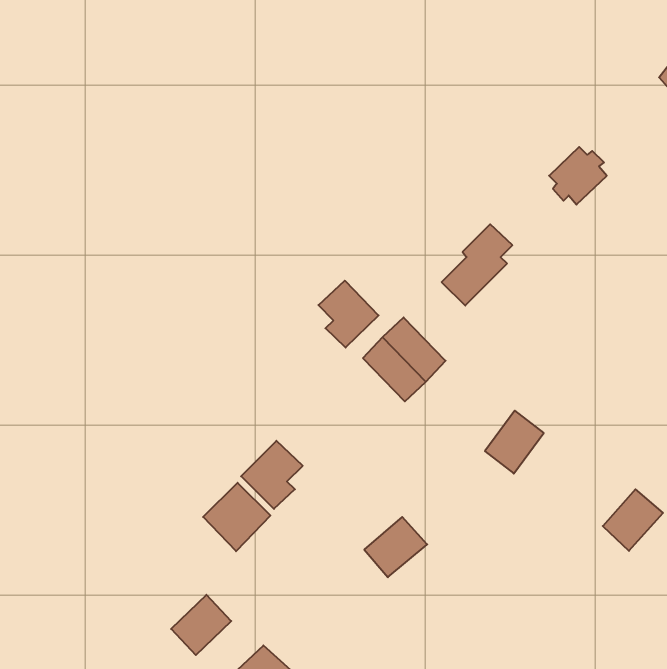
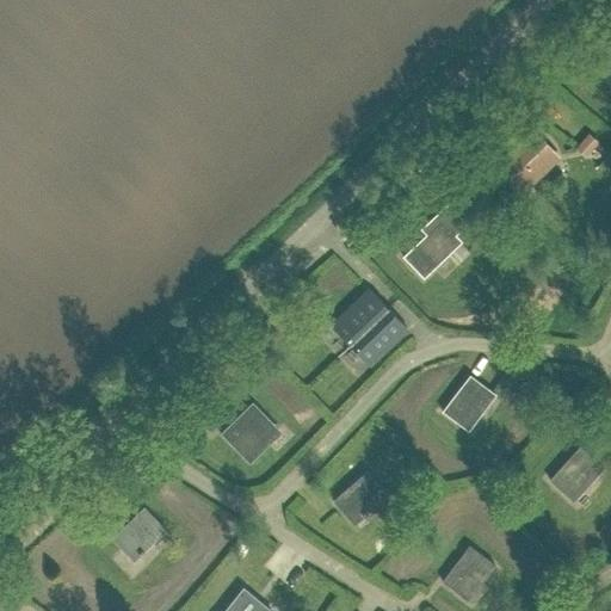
building: [318,281,379,348] -> none
building: [203,483,270,551] -> none
building: [171,595,231,655] -> [113,507,168,562]
building: none -> [444,545,498,601]

